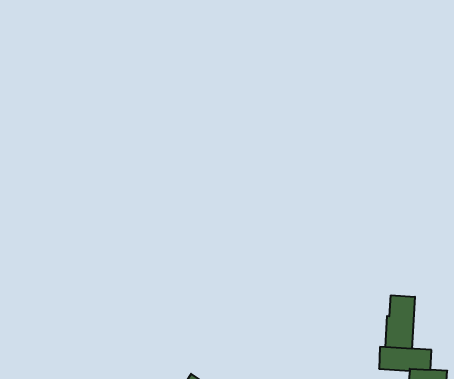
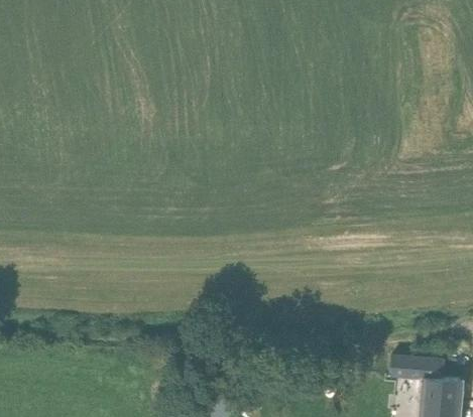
building: [386,295,415,349] -> none

